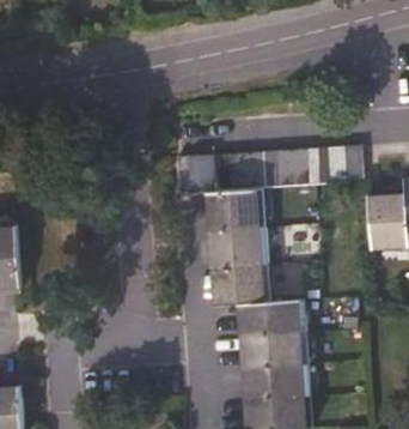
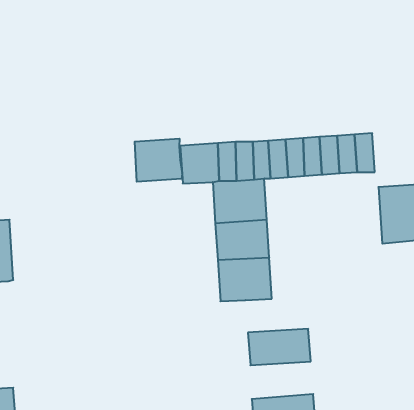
building: none -> [135,139,182,182]
building: [240,300,300,334] -> none
building: [245,362,305,398] -> none

